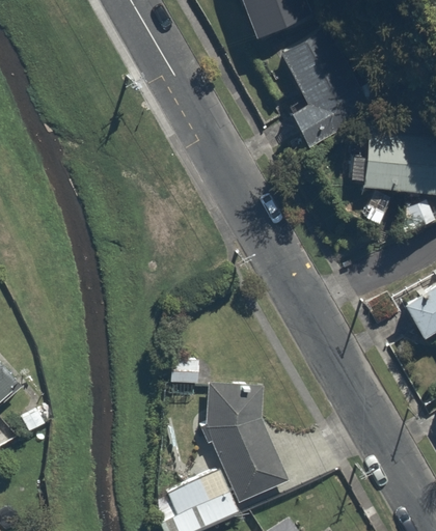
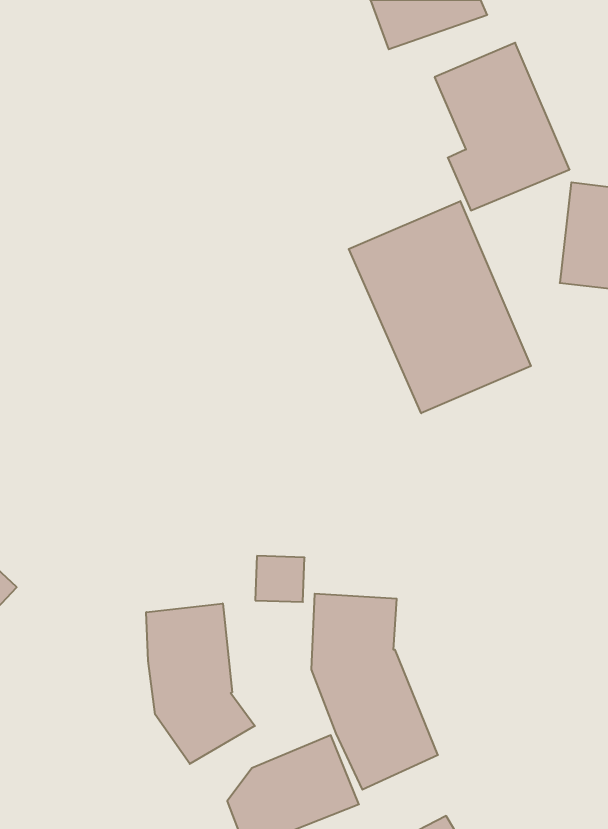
building: none -> [349,201,531,413]
building: none -> [146,603,255,764]

